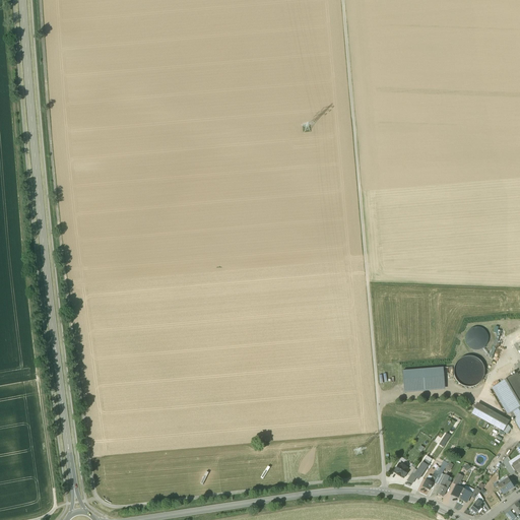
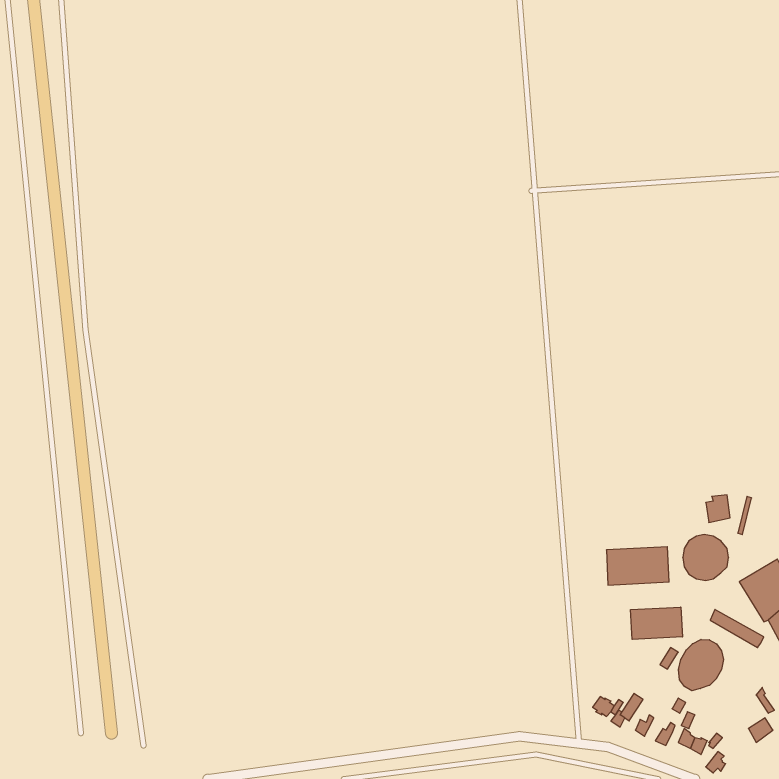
building: none -> [631,607,682,639]
building: none -> [679,639,724,691]

